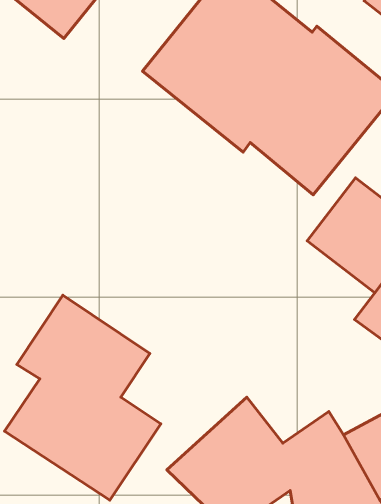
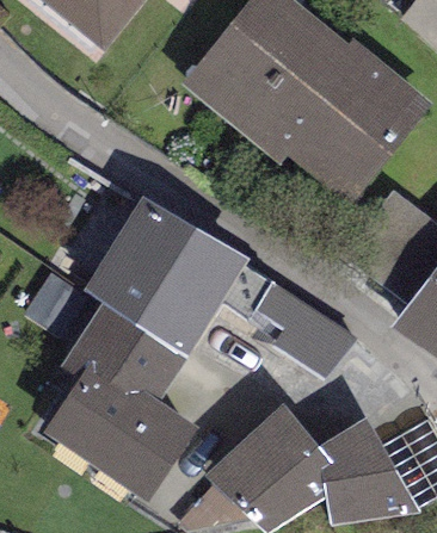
building: none -> [85,198,250,360]
building: none -> [251,274,359,383]

